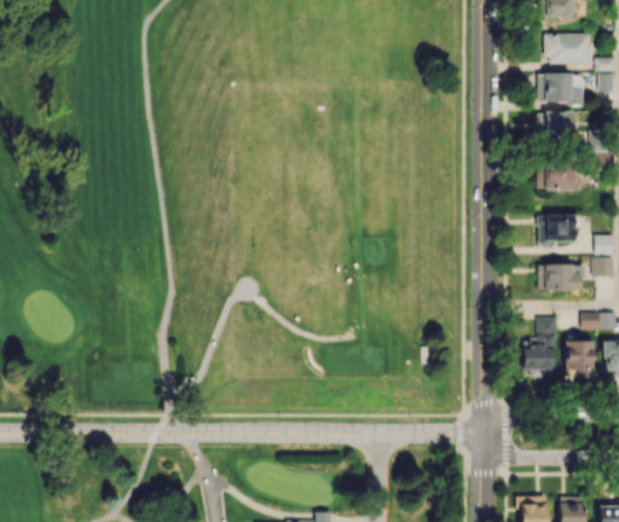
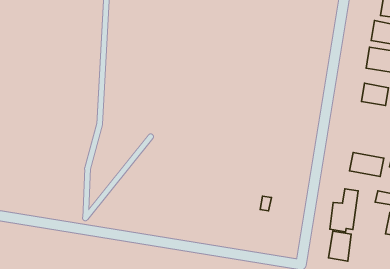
building: [539,215,578,244] -> none
building: [566,341,594,379] -> [329,231,351,261]

